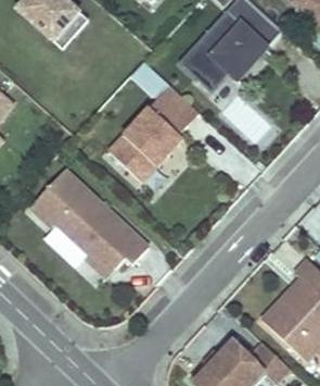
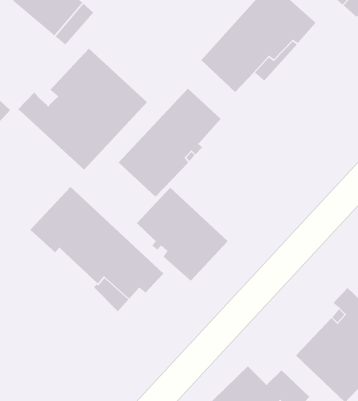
building: none -> [17,48,148,170]
building: none -> [136,187,229,282]

